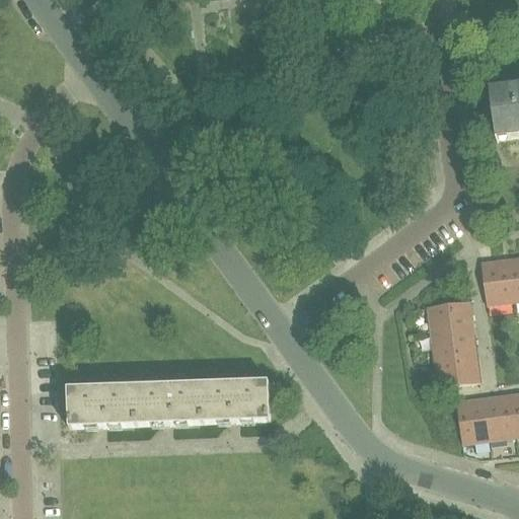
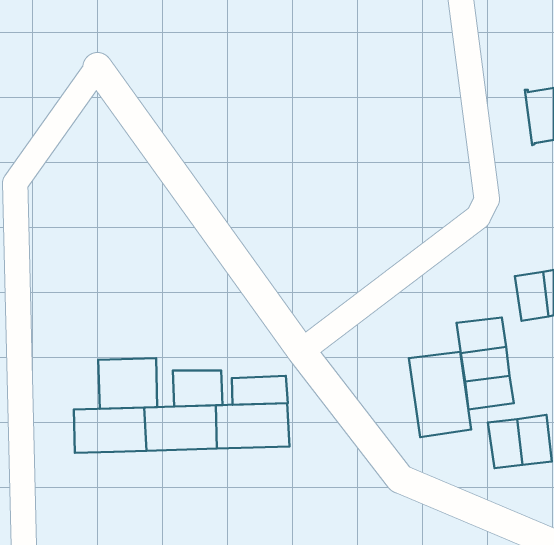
building: none -> [409,352,471,437]
building: none -> [98,358,157,409]
building: none -> [173,370,222,406]
building: none -> [232,376,288,405]

